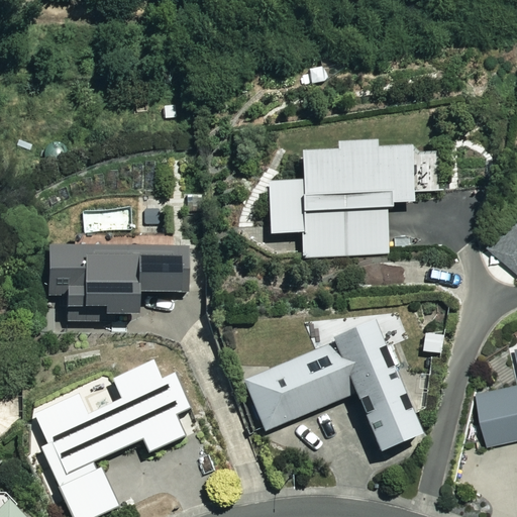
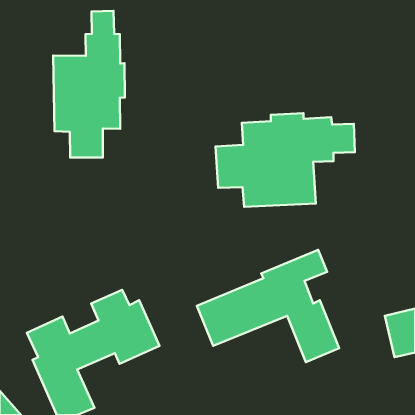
building: none -> [53,11,125,158]
building: [47,247,187,322] -> none

